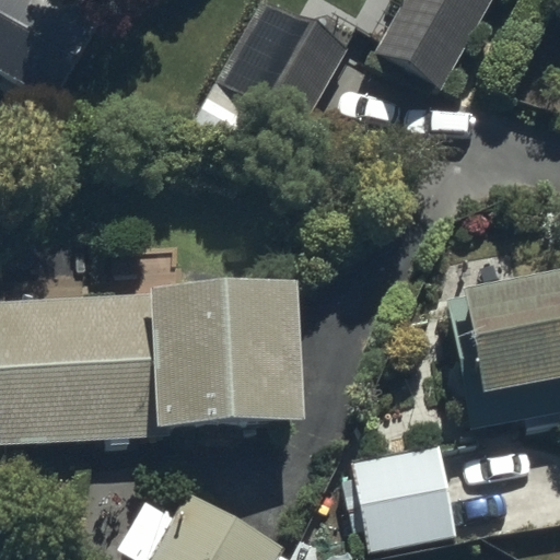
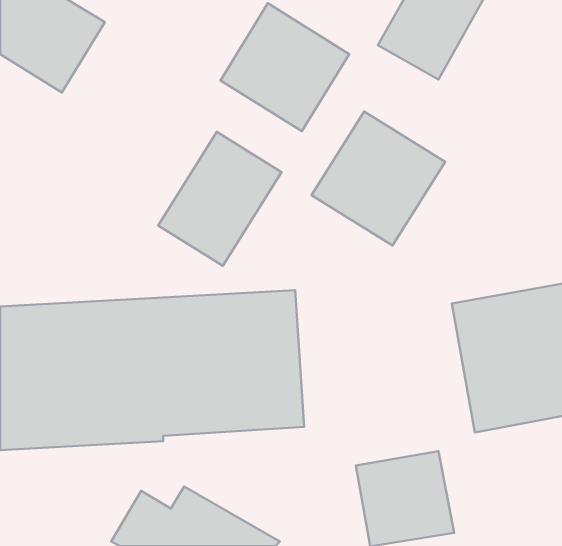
building: none -> [312,111,445,246]
building: none -> [158,132,282,266]

